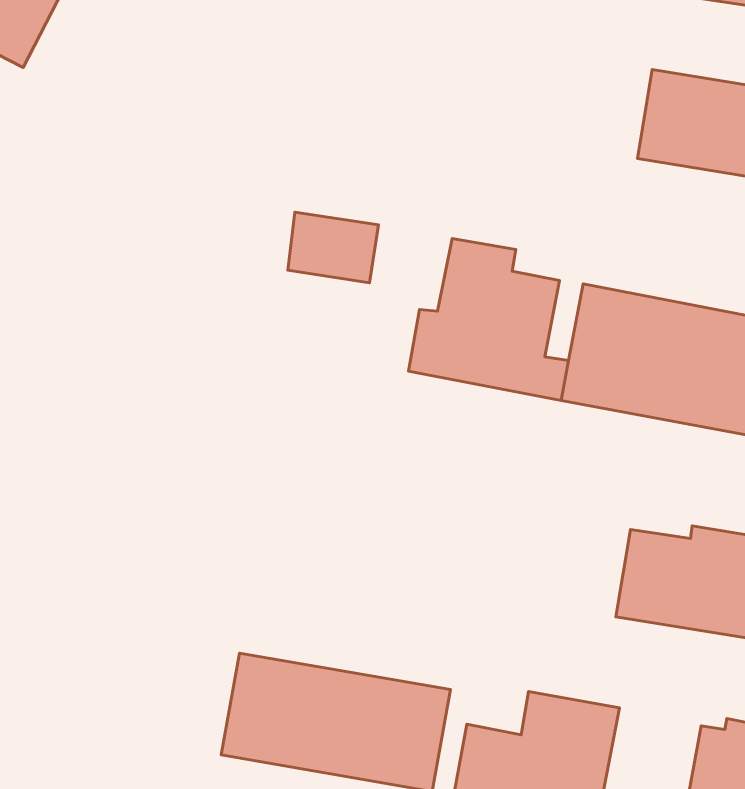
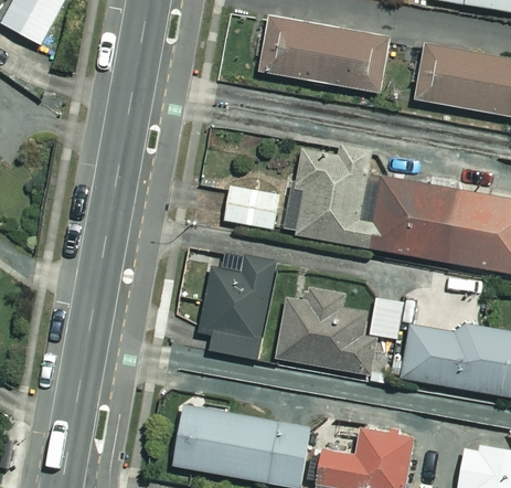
building: none -> [260,18,388,93]
building: [288,212,379,283] -> [225,185,280,229]
building: none -> [200,262,276,359]
building: none -> [274,286,403,372]

